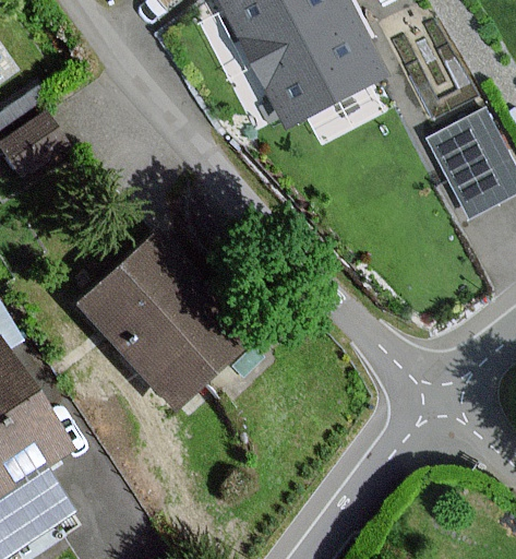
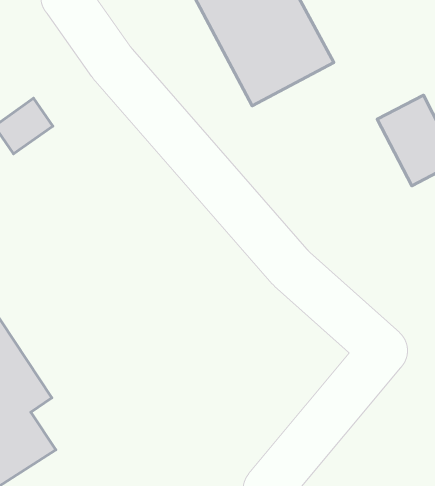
building: [80,235,248,406] -> none

